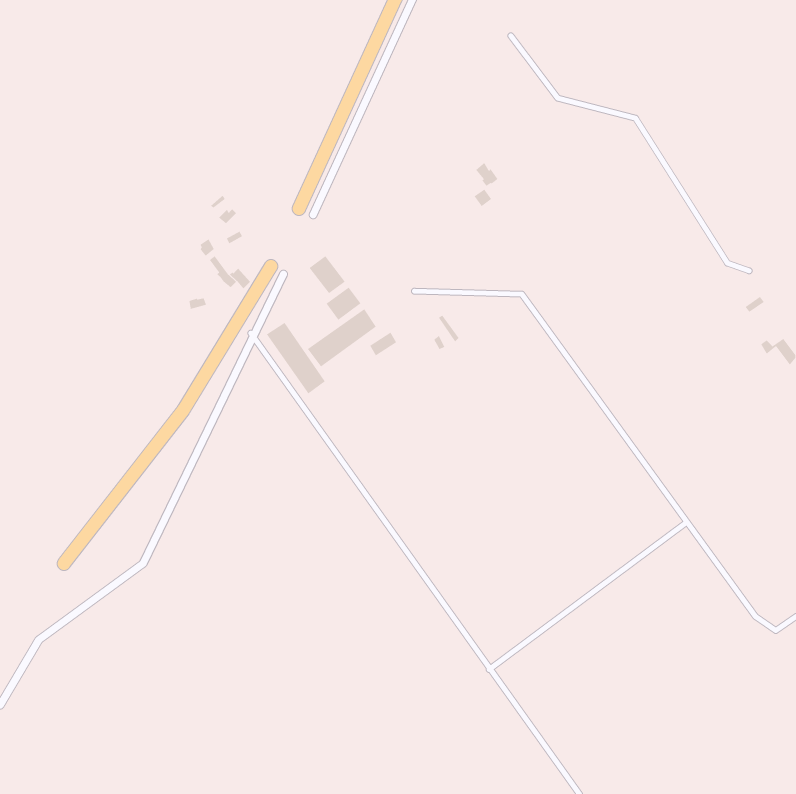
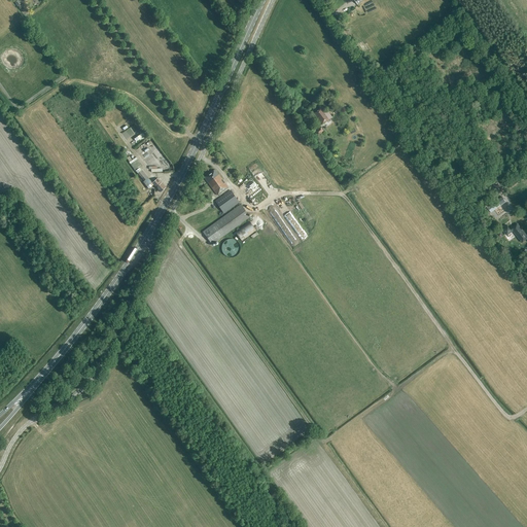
building: [266,322,326,395] -> none

